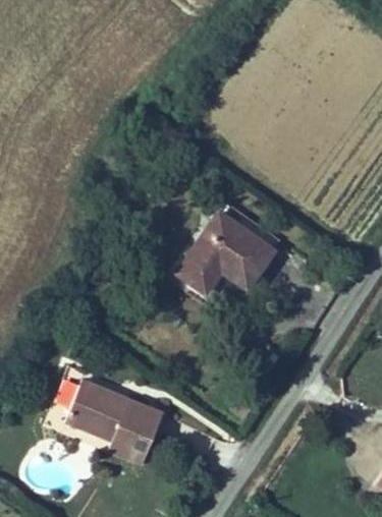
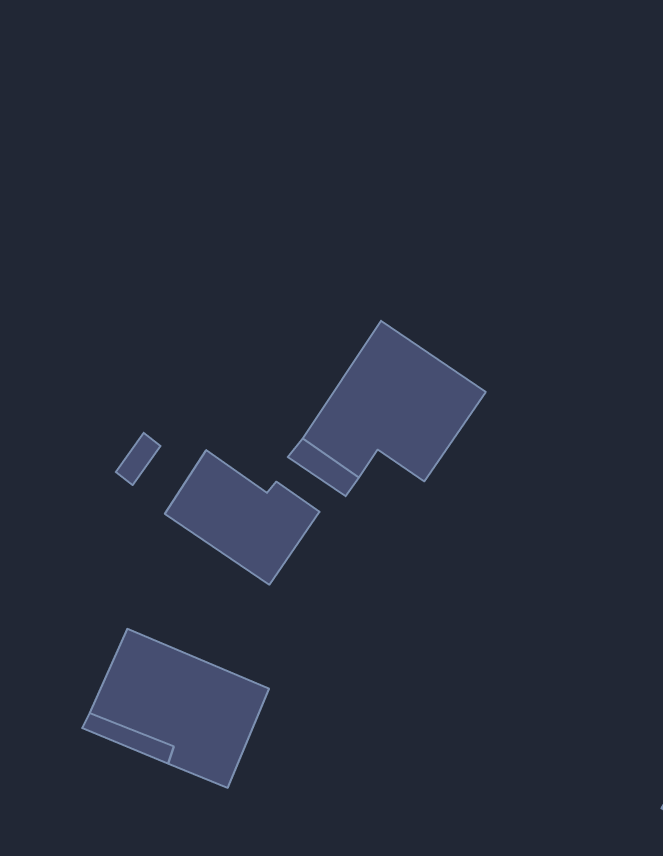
building: none -> [165,450,320,585]

